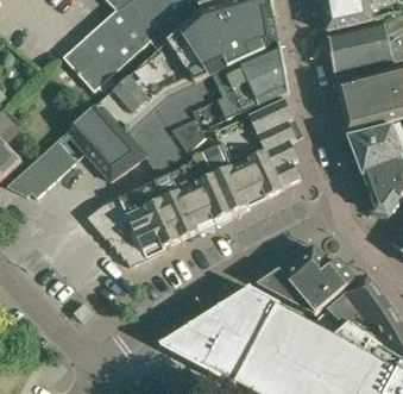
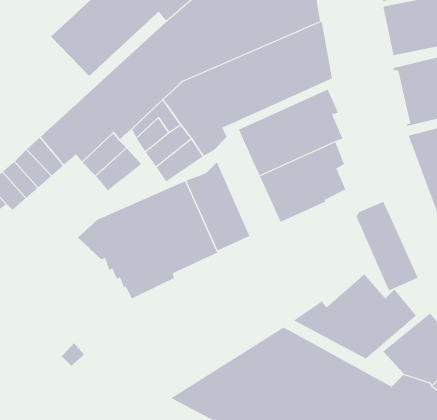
building: [197,145,247,217] -> [355,201,419,291]

